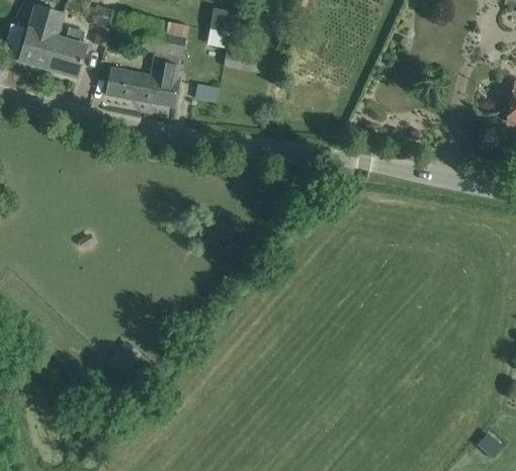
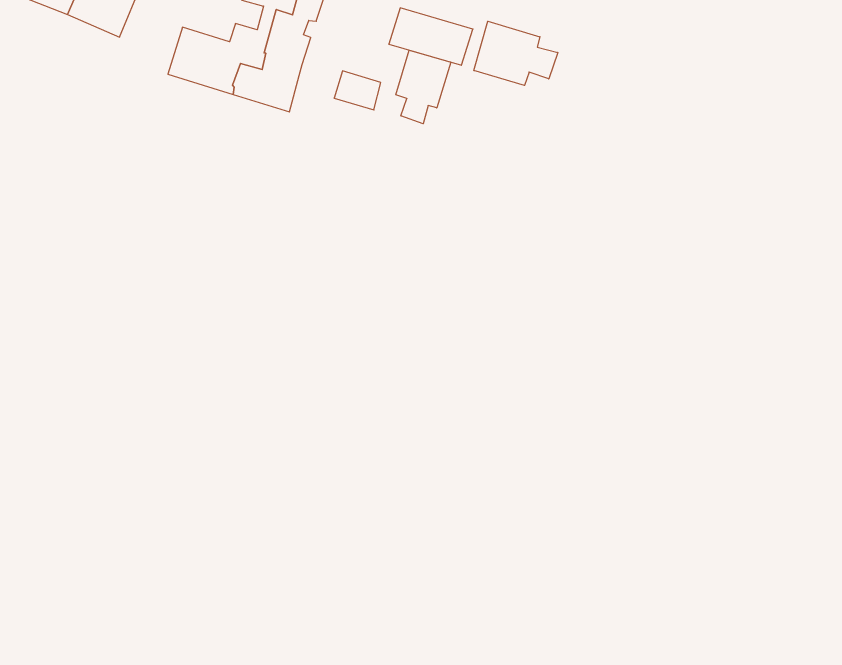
building: none -> [474,21,558,85]
building: none -> [396,50,451,124]

